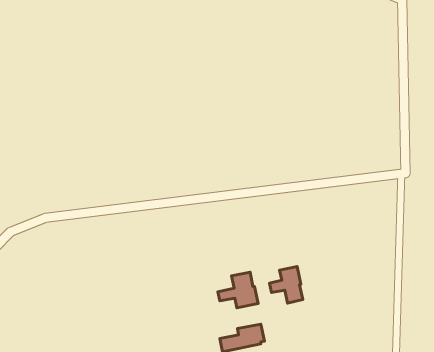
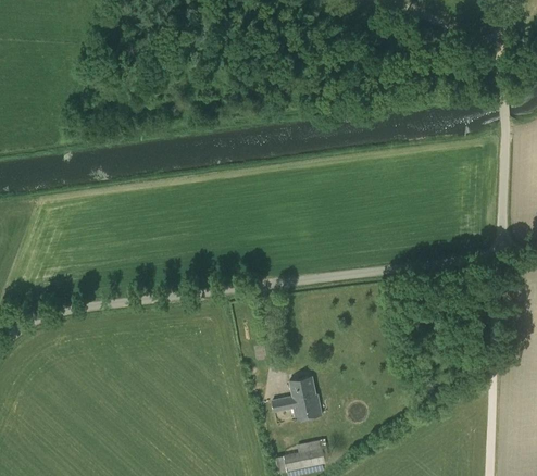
building: [270,266,303,303] -> none

